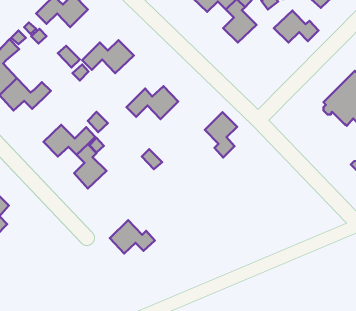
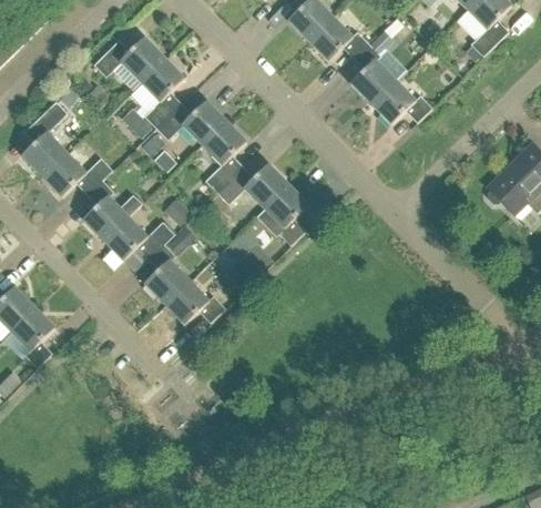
building: none -> [140,58,185,128]
building: [274,10,318,43] -> [370,79,431,123]
building: none -> [202,121,247,192]
building: none -> [84,180,143,240]
building: [205,112,237,157] -> [264,184,308,246]
building: [110,220,155,253] -> [164,280,226,325]

